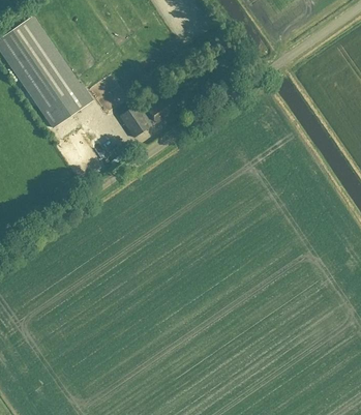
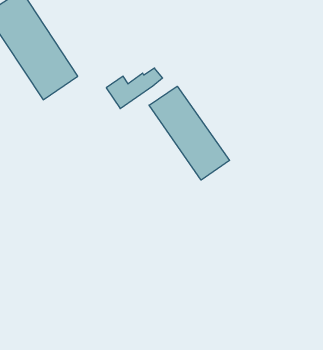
building: none -> [149,86,230,180]

